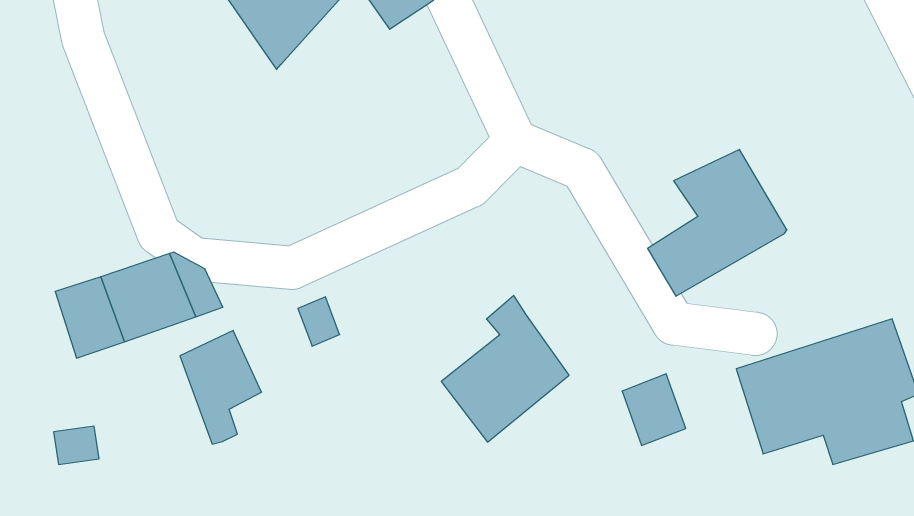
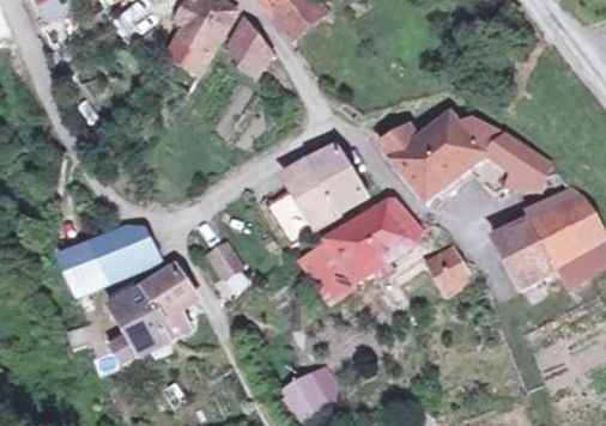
building: none -> [466,110,565,196]
building: none -> [393,126,447,178]
building: none -> [271,145,364,249]
building: none -> [352,193,417,262]
building: none -> [108,286,174,364]

